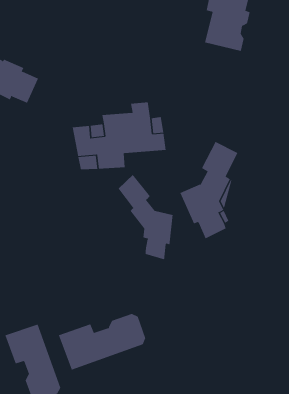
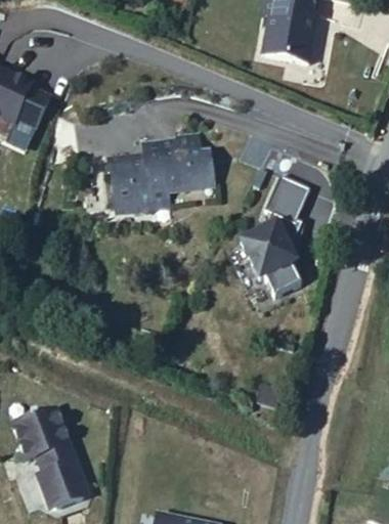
building: [118,174,173,260] -> none
building: [58,313,146,370] -> none

